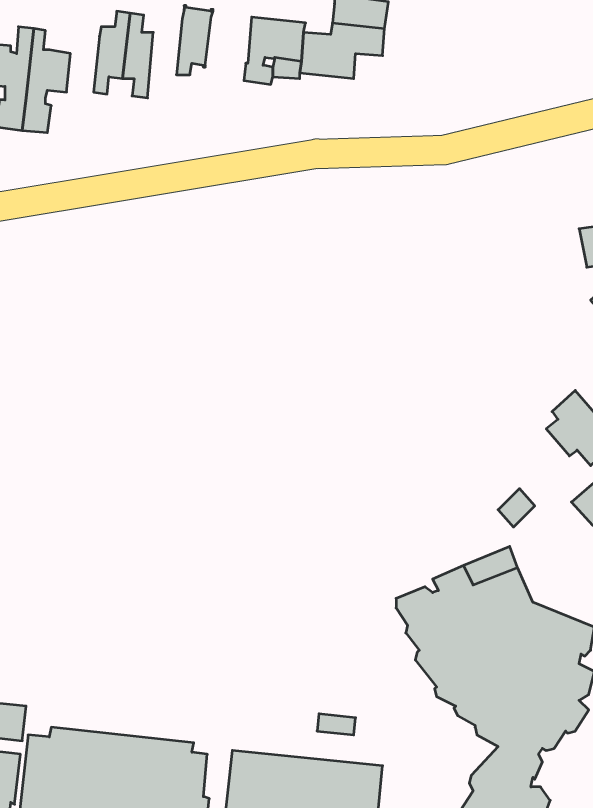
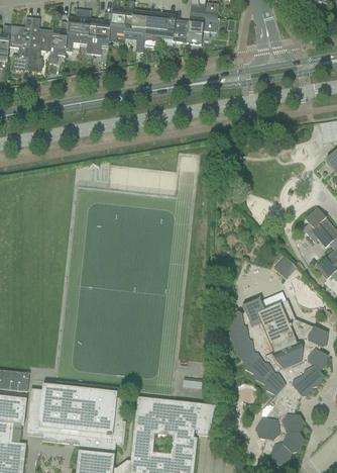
building: none -> [123,8,147,52]
building: none -> [93,12,111,55]
building: none -> [48,21,68,64]

